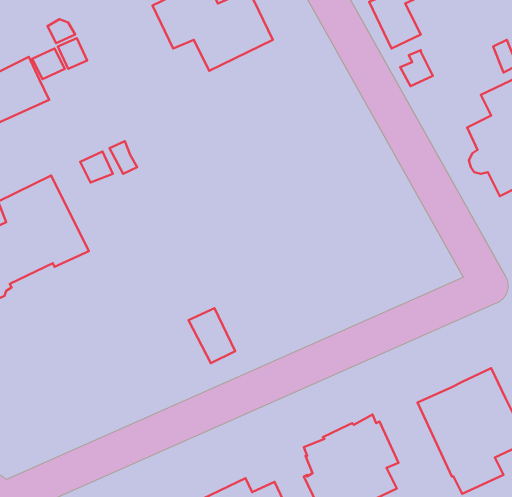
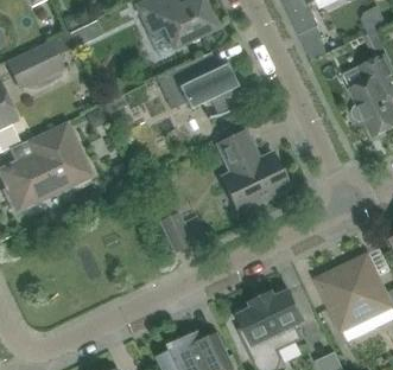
building: none -> [156,52,248,117]
building: none -> [217,130,289,212]

